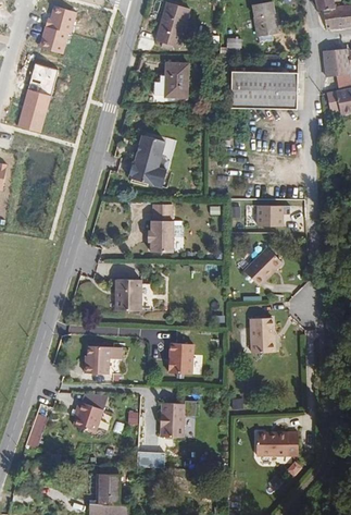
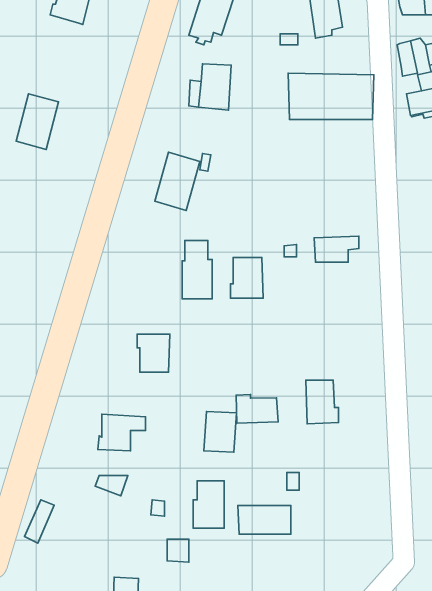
building: [38,25,67,52] -> none
building: [27,62,58,95] -> none
building: none -> [230,258,263,298]
building: [243,248,281,286] -> none
building: none -> [236,394,278,423]
building: [72,402,101,433] -> none
building: [256,432,299,455] -> [238,506,291,534]

